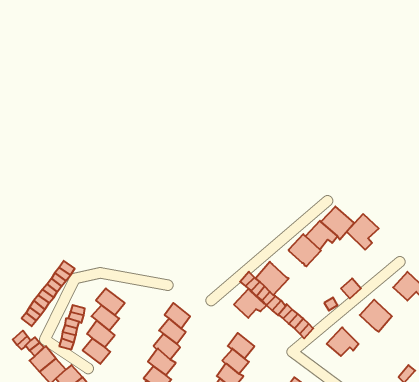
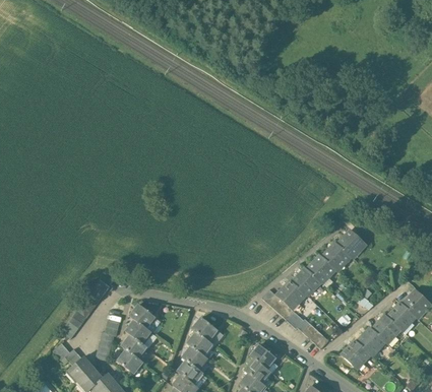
building: [347,214,379,250] -> none
building: none -> [386,302,417,332]
building: [234,289,266,318] -> [291,268,320,295]
building: none -> [356,327,385,357]

